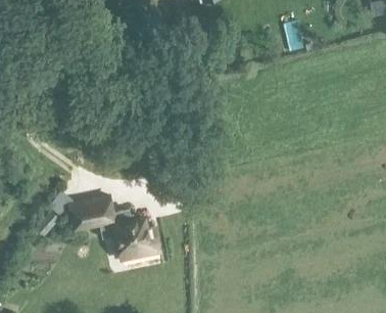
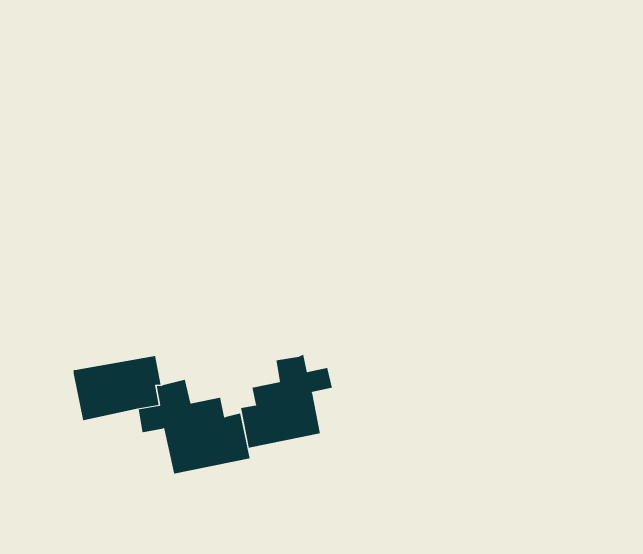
building: none -> [240,354,333,448]

